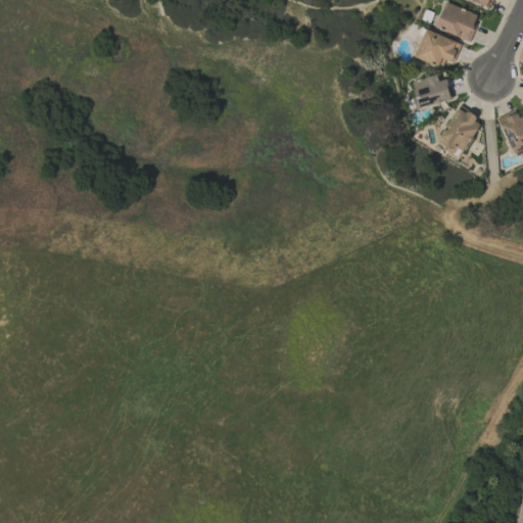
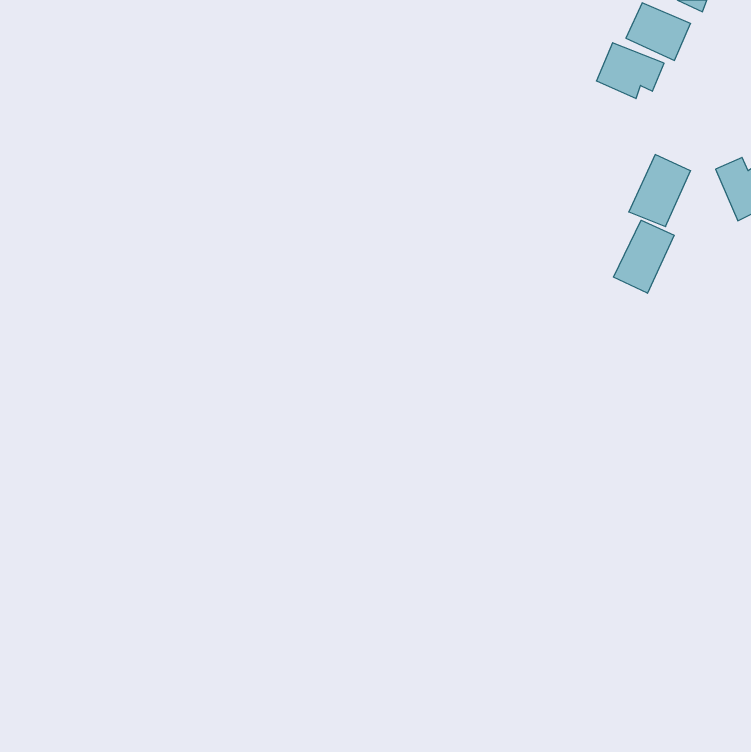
building: [410,76,454,108] -> none
building: none -> [614,220,674,293]

